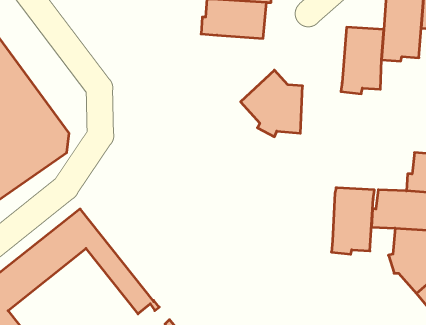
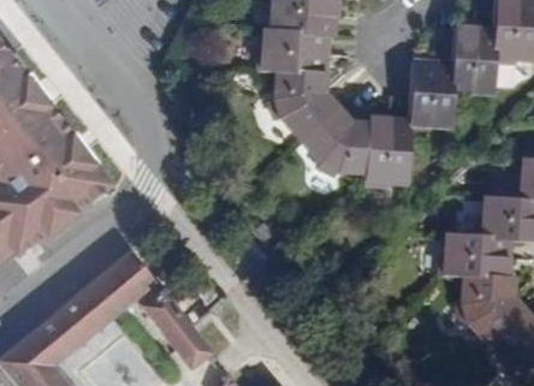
building: none -> [269,69,336,139]
building: [331,188,374,254] -> [362,117,408,188]

